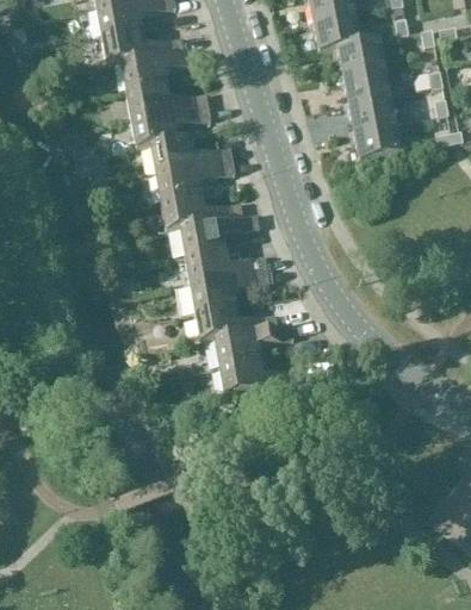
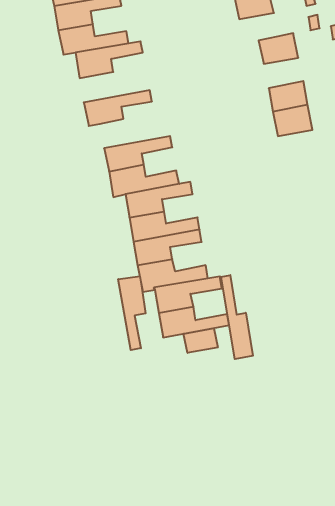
building: [314,15,359,51] -> none
building: [342,68,389,104] -> none
building: [126,85,209,120] -> none
building: [150,137,233,174] -> none
building: none -> [221,275,253,359]
building: none -> [118,276,146,350]
building: none -> [183,328,218,353]

